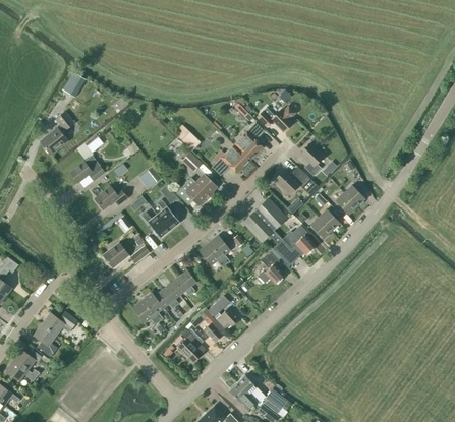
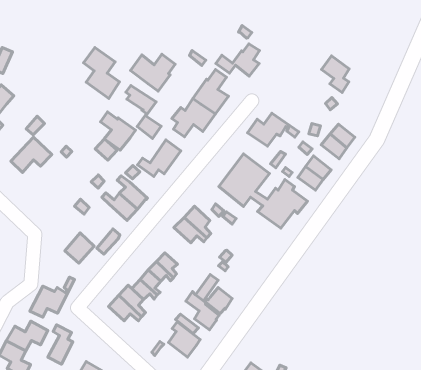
building: none -> [84,48,120,99]
building: none -> [131,54,175,91]
building: none -> [100,112,136,150]
building: [299,143,323,176] -> [322,56,349,93]
building: [94,185,127,209] -> none
building: [258,251,285,284] -> none
building: none -> [30,277,75,317]
building: none -> [48,325,73,364]

